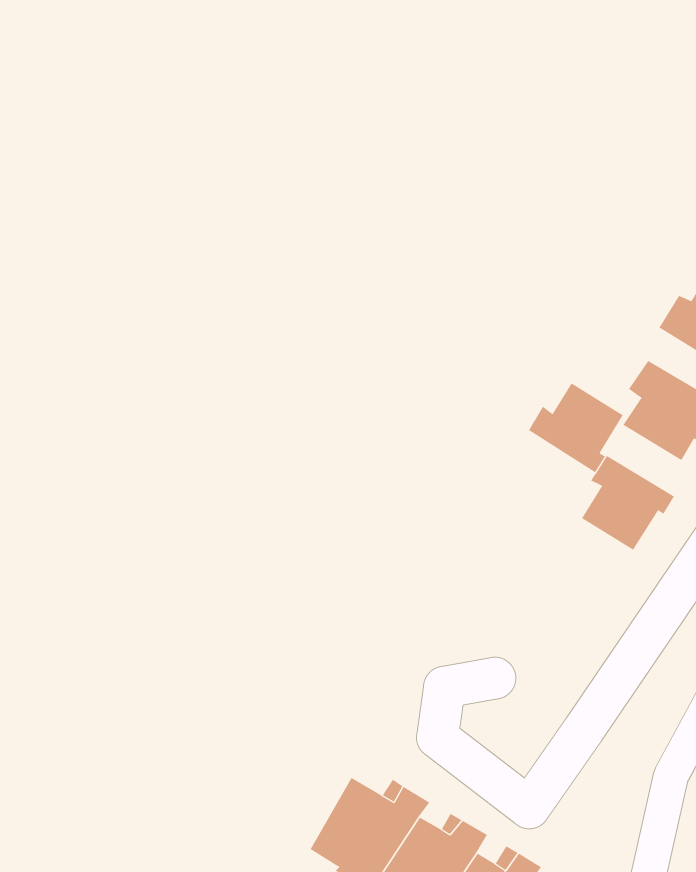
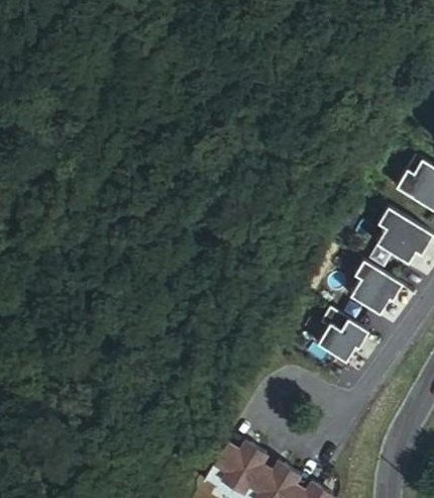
building: [528,383,623,473] -> none
building: none -> [318,308,369,362]

